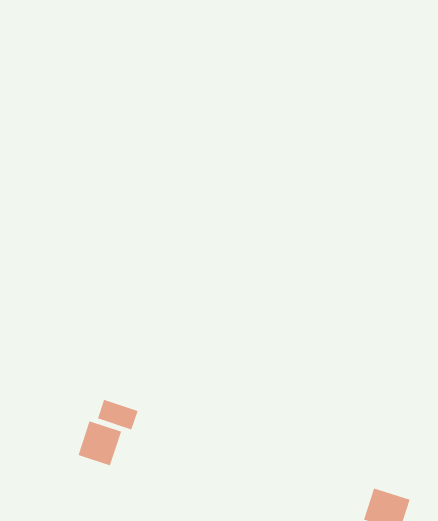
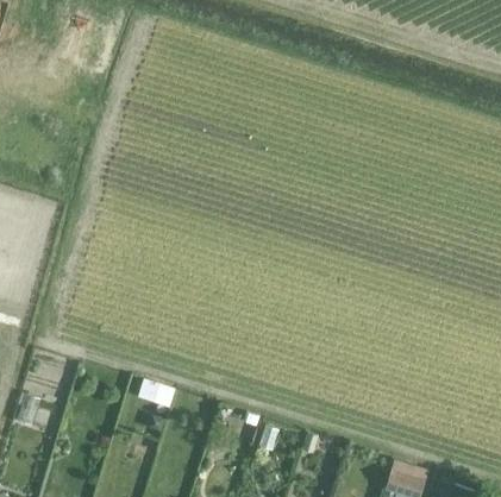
building: [78,421,122,466] -> none

